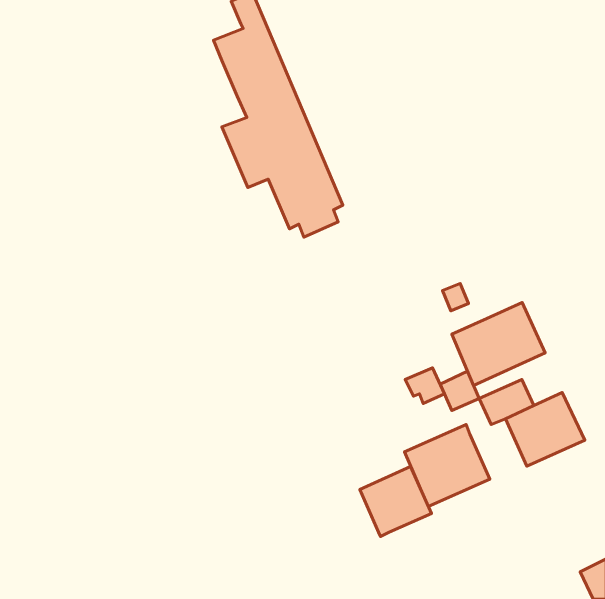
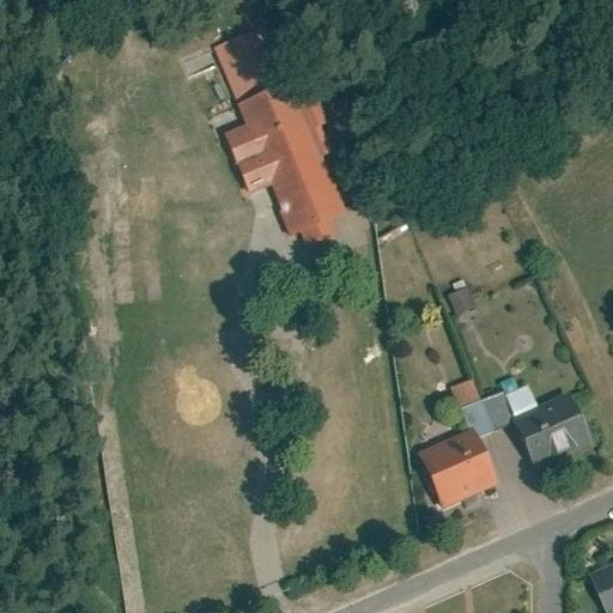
building: [452,303,545,385] -> none
building: [405,368,444,403] -> [457,402,497,438]
building: [360,467,431,536] -> none

